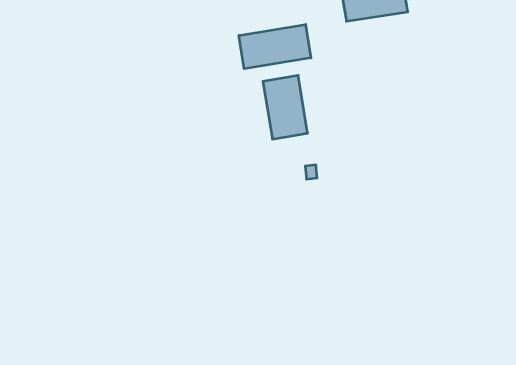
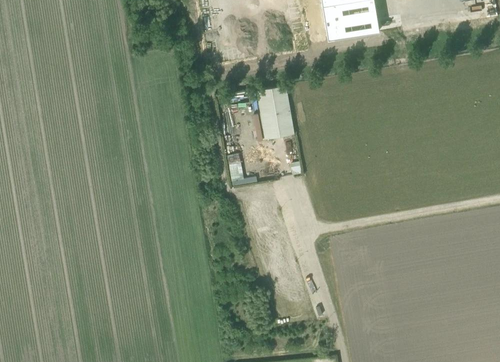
building: [239,24,311,69] -> none

